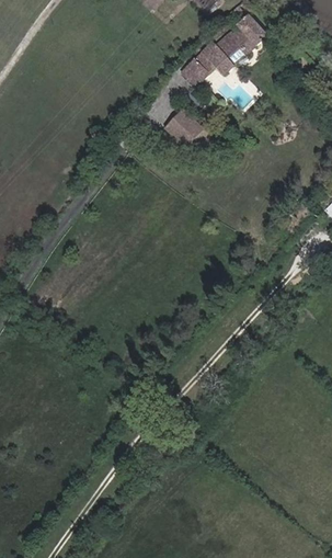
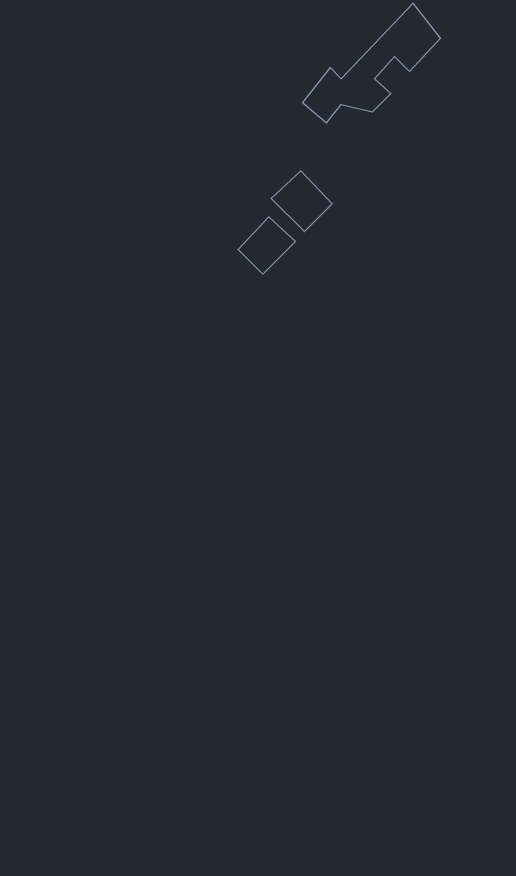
building: none -> [238,217,295,274]

